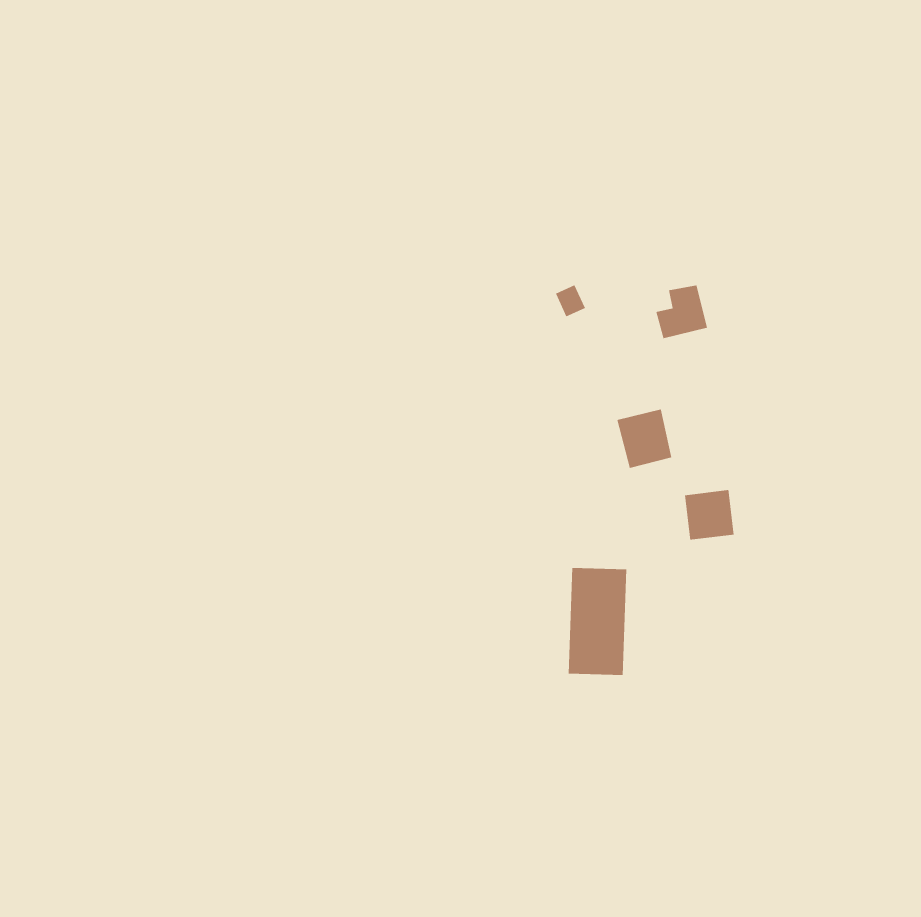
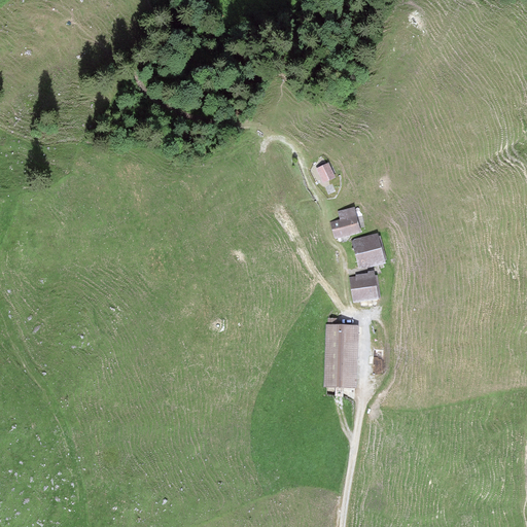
building: [656,285,708,339] -> [331,206,361,237]
building: [684,490,734,540] -> [350,274,379,303]

